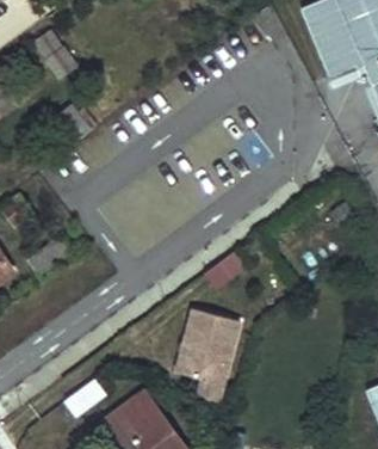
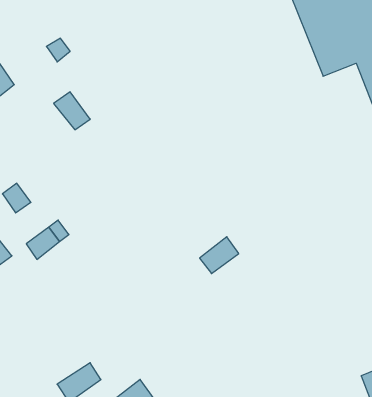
building: [175,310,241,405] -> none

